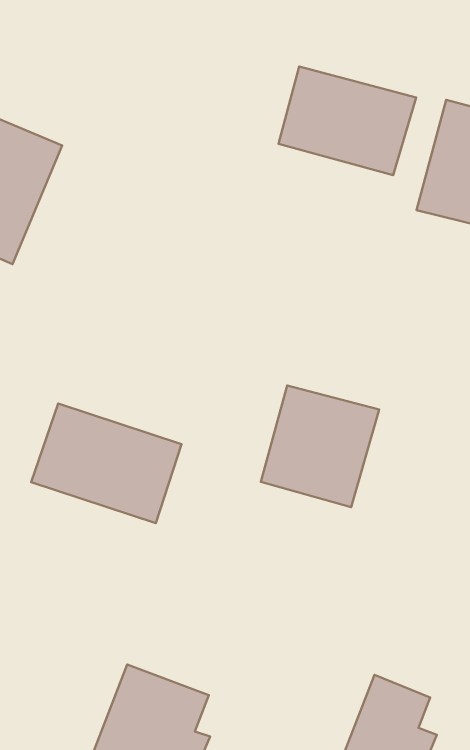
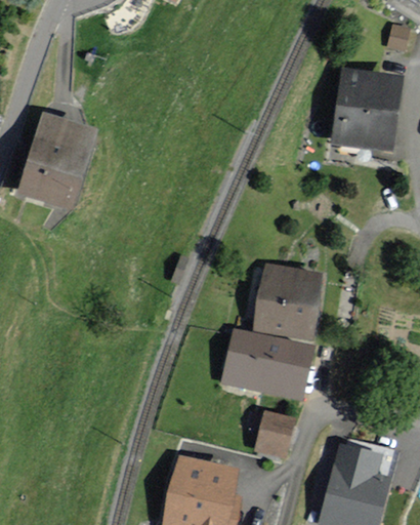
building: [279,66,416,175] -> none
building: [31,403,181,523] -> [221,329,316,399]
building: none -> [253,410,296,457]

